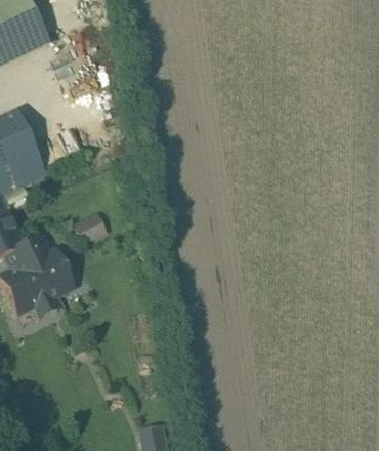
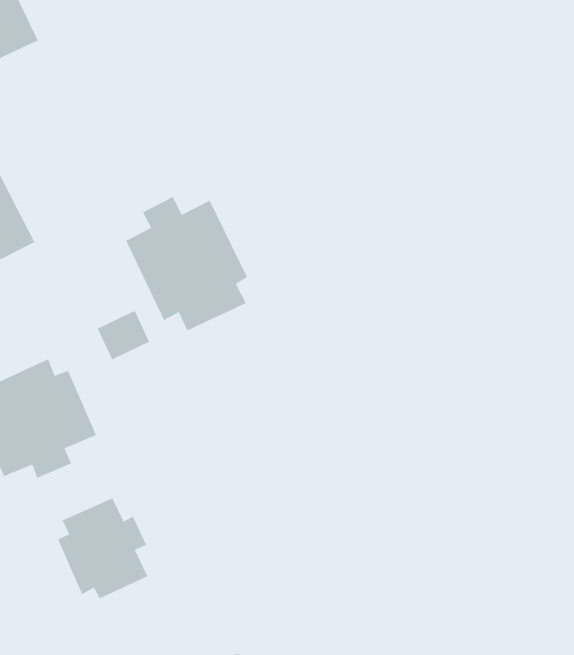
building: none -> [126,196,248,331]
building: none -> [57,498,148,599]

